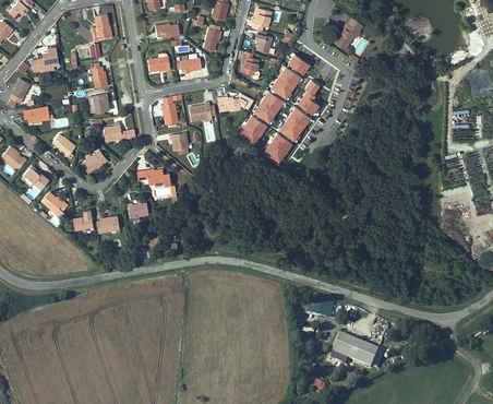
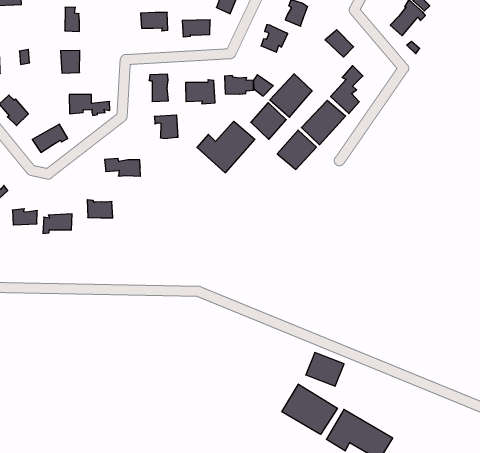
building: [270,66,301,97] -> none
building: none -> [197,121,255,173]
building: none -> [282,384,337,434]

